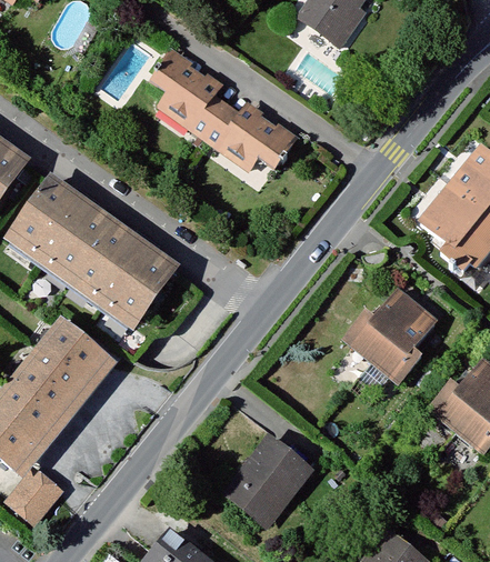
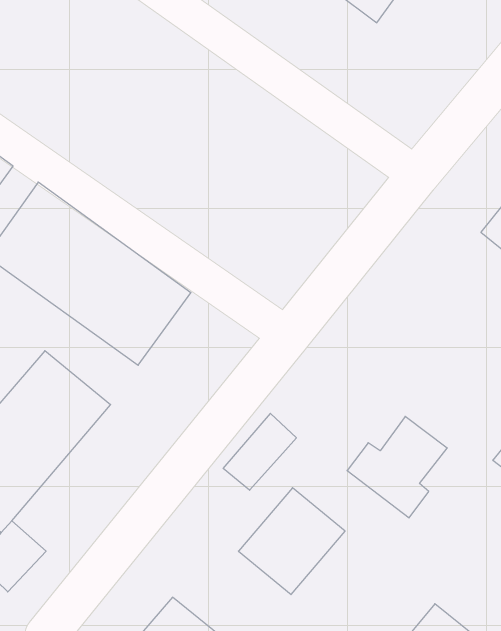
building: [153,56,293,169] -> none
building: [349,294,433,380] -> [347,416,447,518]
building: none -> [223,413,296,490]

